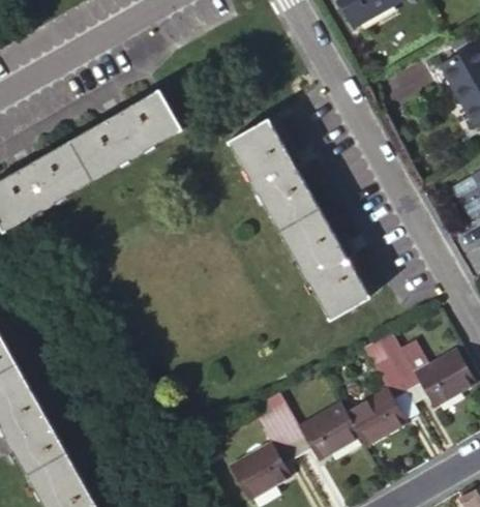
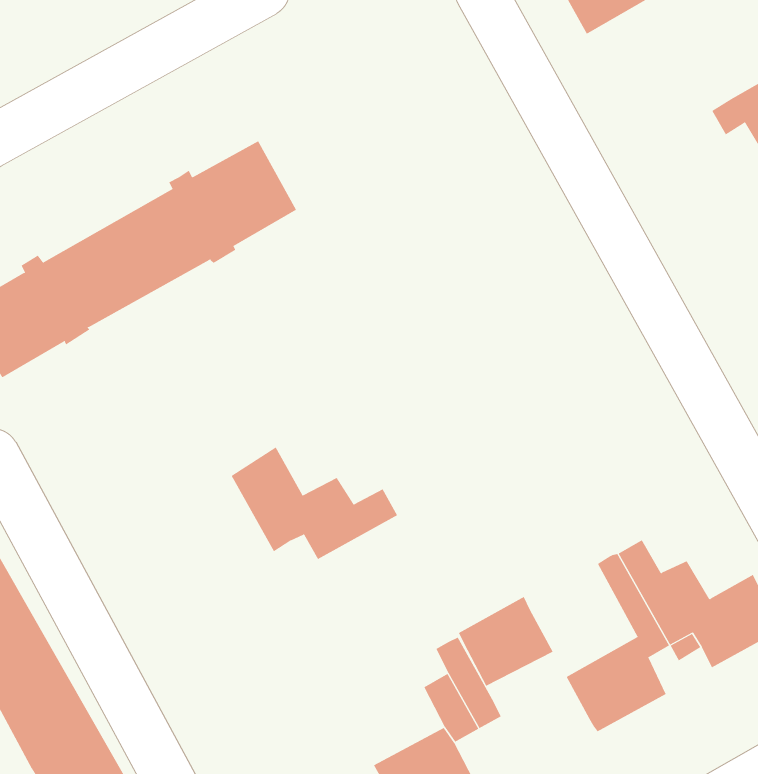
building: [230,120,366,320] -> none
building: none -> [231,446,398,560]
building: [300,402,357,456] -> [458,596,554,686]

